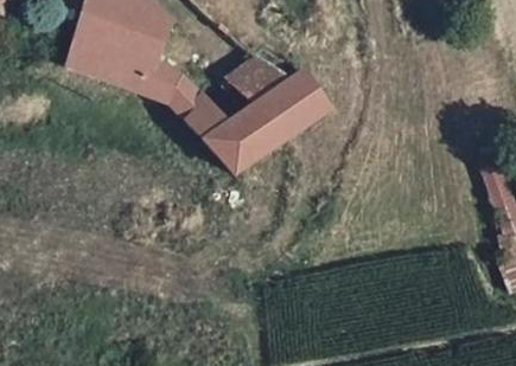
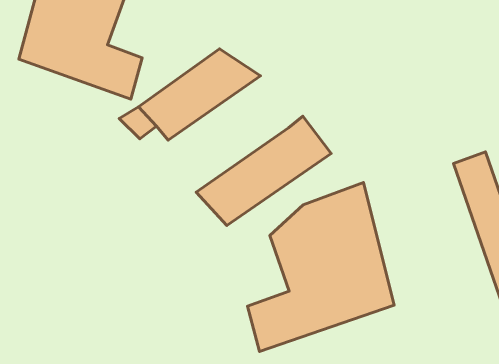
building: [206,71,331,172] -> [196,116,331,226]
building: none -> [248,183,394,352]

